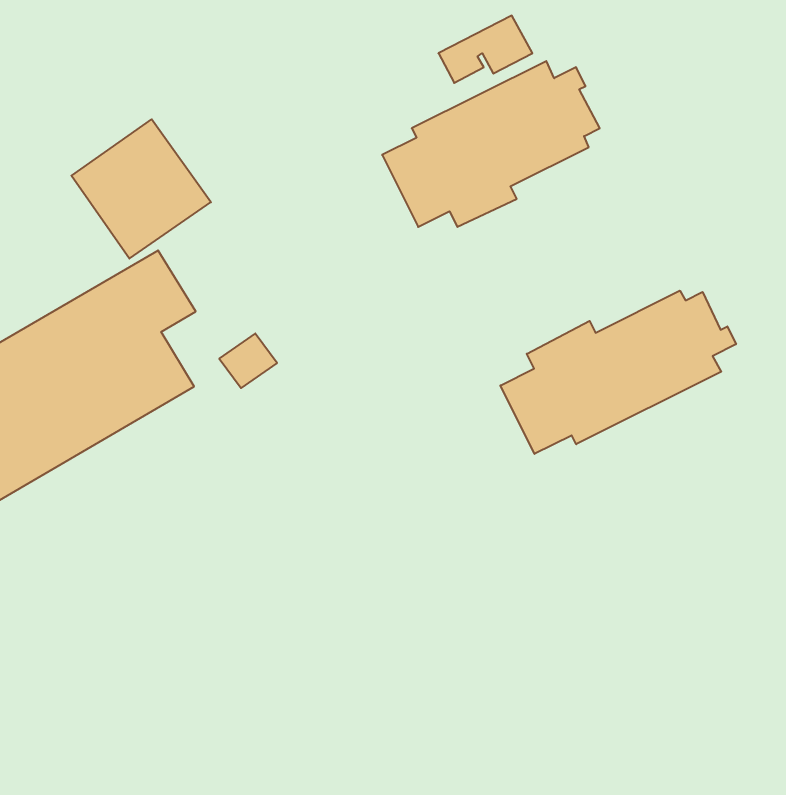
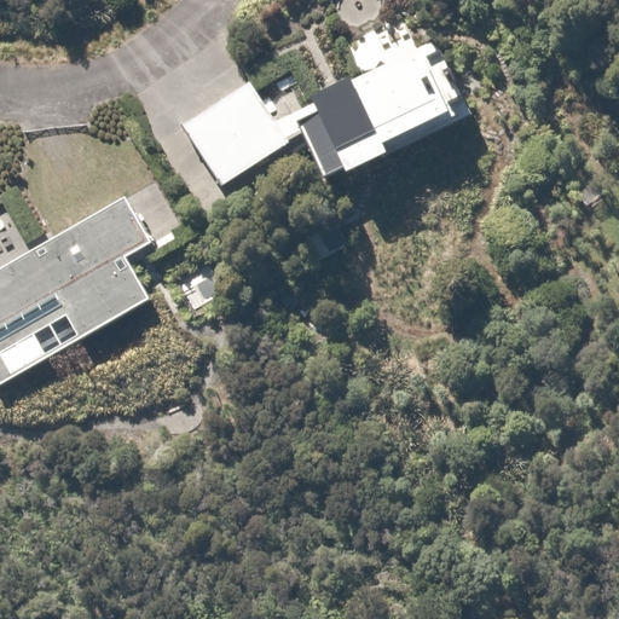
building: [71,119,211,259] -> [179,77,287,185]
building: [500,291,736,454] -> none

